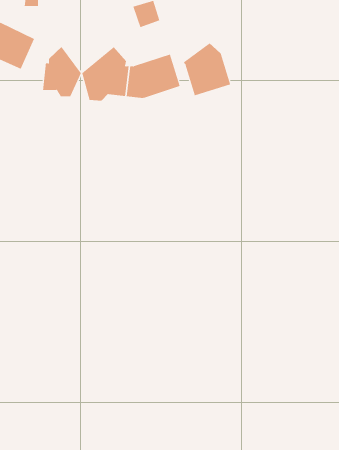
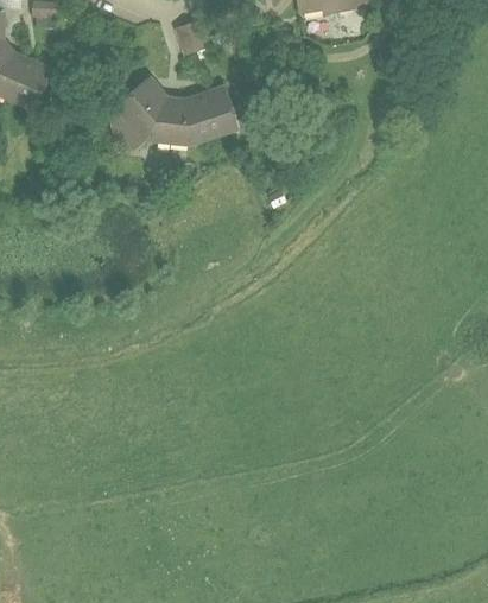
building: [183,42,231,96] -> none
building: [43,46,81,97] -> none

